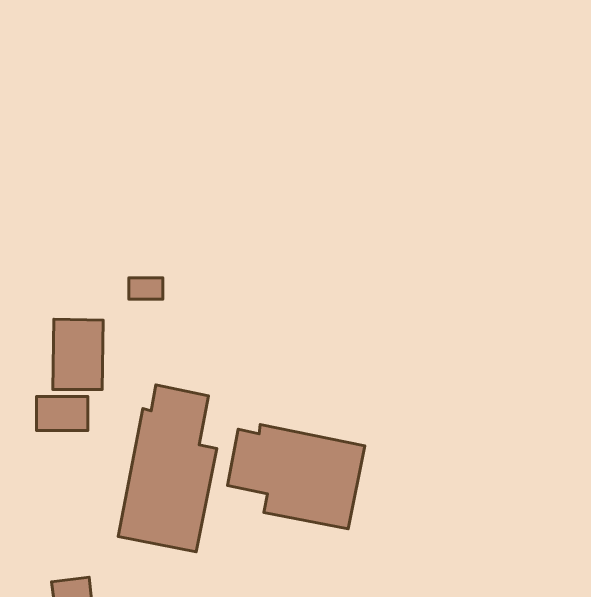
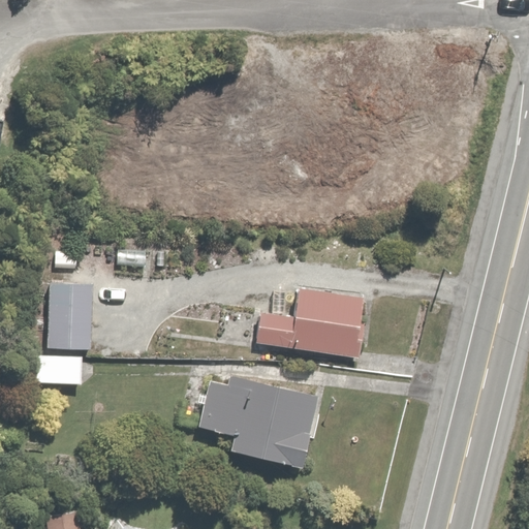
building: none -> [252,286,365,357]
building: [118,385,217,552] -> none

